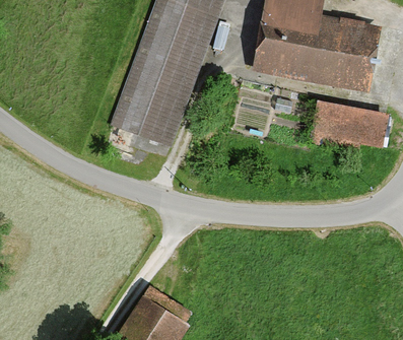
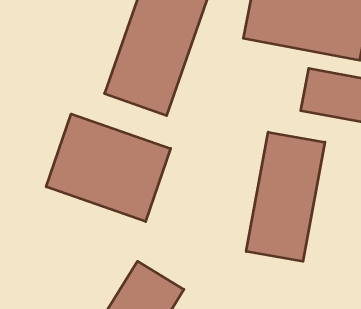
building: none -> [46,114,171,222]
building: none -> [246,132,325,261]

